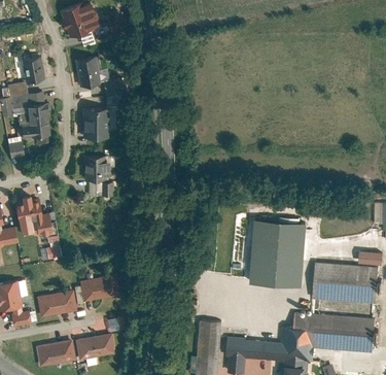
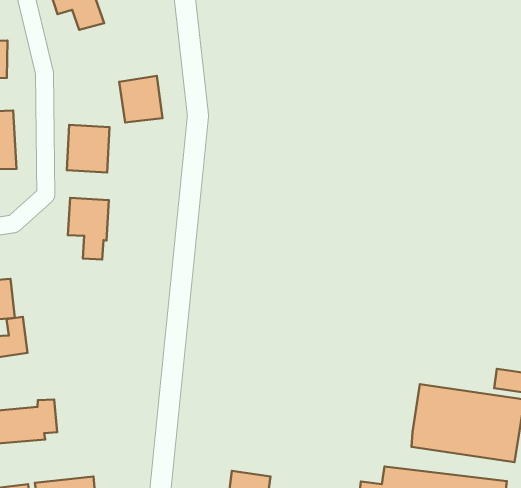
building: [72,56,101,87] -> [119,76,163,123]
building: [250,220,308,285] -> none
building: [83,274,121,300] -> none

